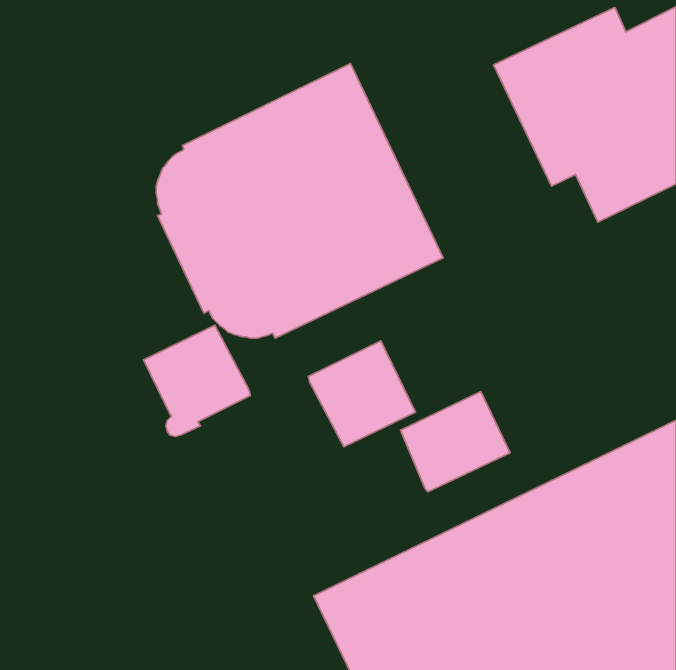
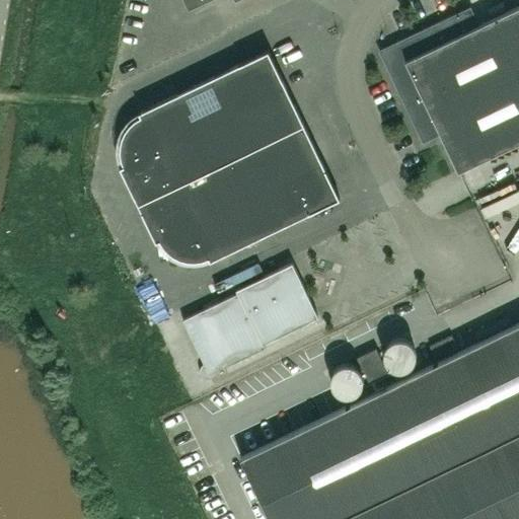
building: [143,325,251,436] -> [182,297,265,382]
building: [400,392,510,492] -> none

